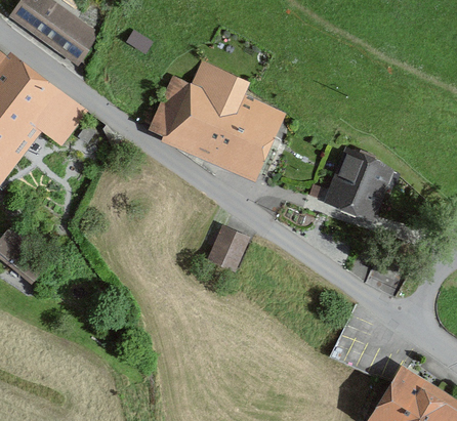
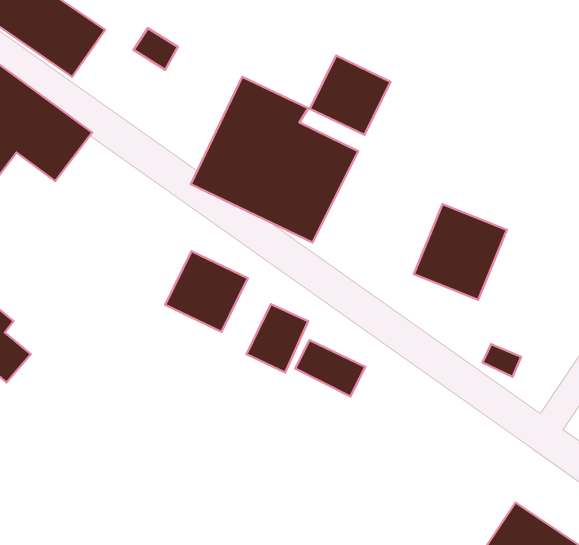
building: none -> [310,56,390,135]
building: none -> [165,251,248,332]
building: none -> [295,340,365,397]

